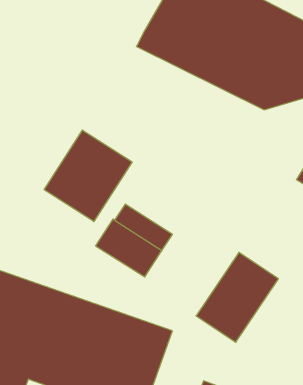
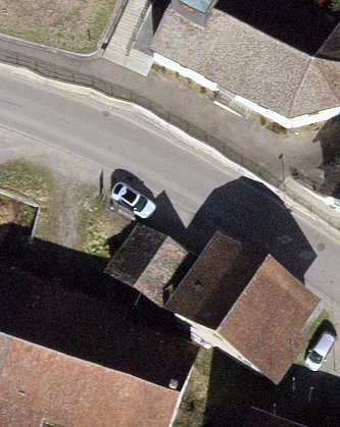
building: [44,130,132,222] -> none
building: none -> [178,253,268,351]

